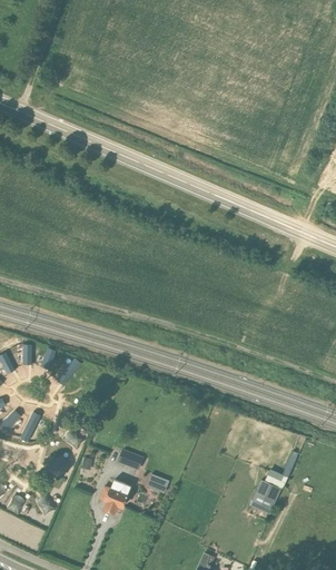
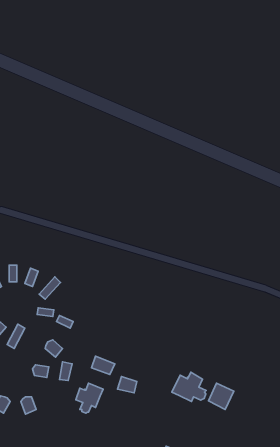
building: none -> [172,372,206,402]

